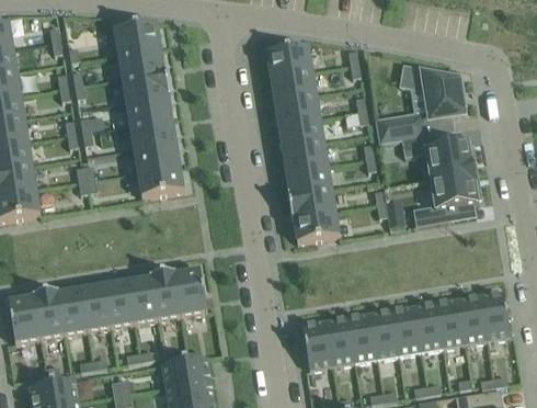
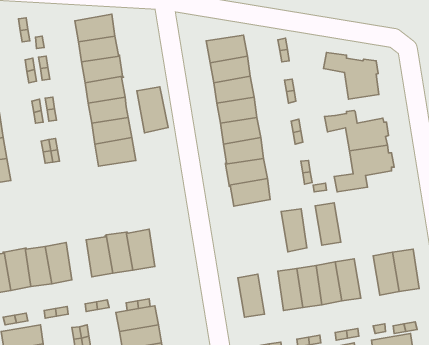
building: none -> [137,87,168,133]
building: [388,112,426,141] -> none
building: [104,281,134,327] -> none
building: [435,299,465,348] -> [315,203,341,245]
building: [324,317,354,366] -> [281,209,307,252]

